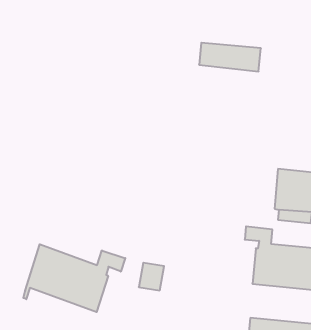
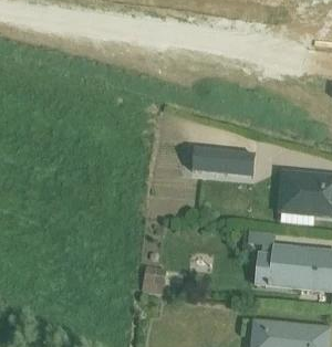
building: [199,43,261,71] -> [193,146,255,175]
building: [23,244,125,312] -> none

